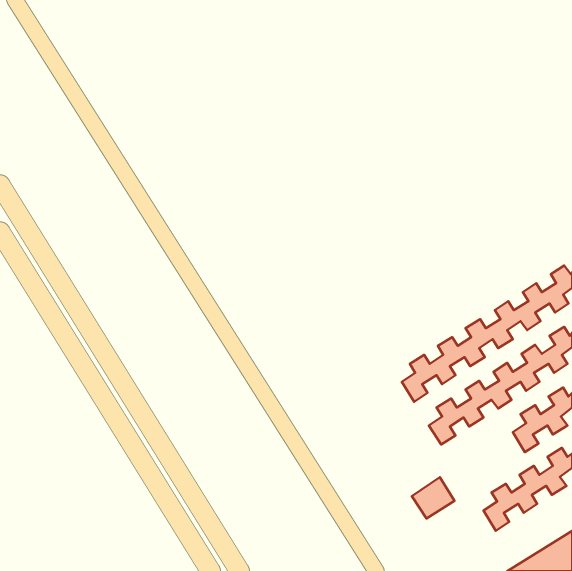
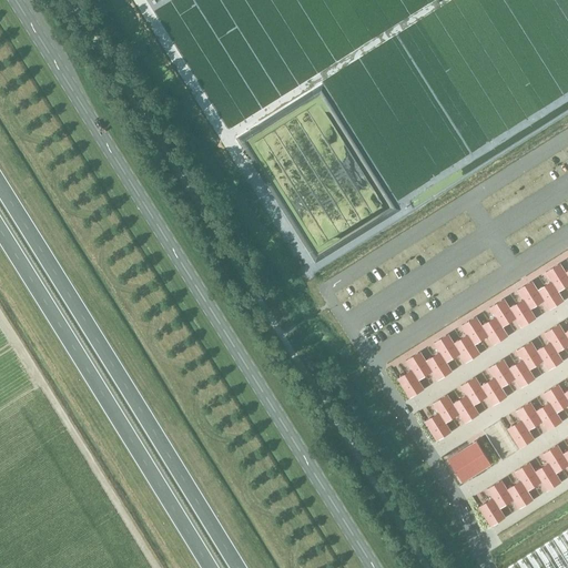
building: [412,477,454,519] -> [448,439,490,480]

